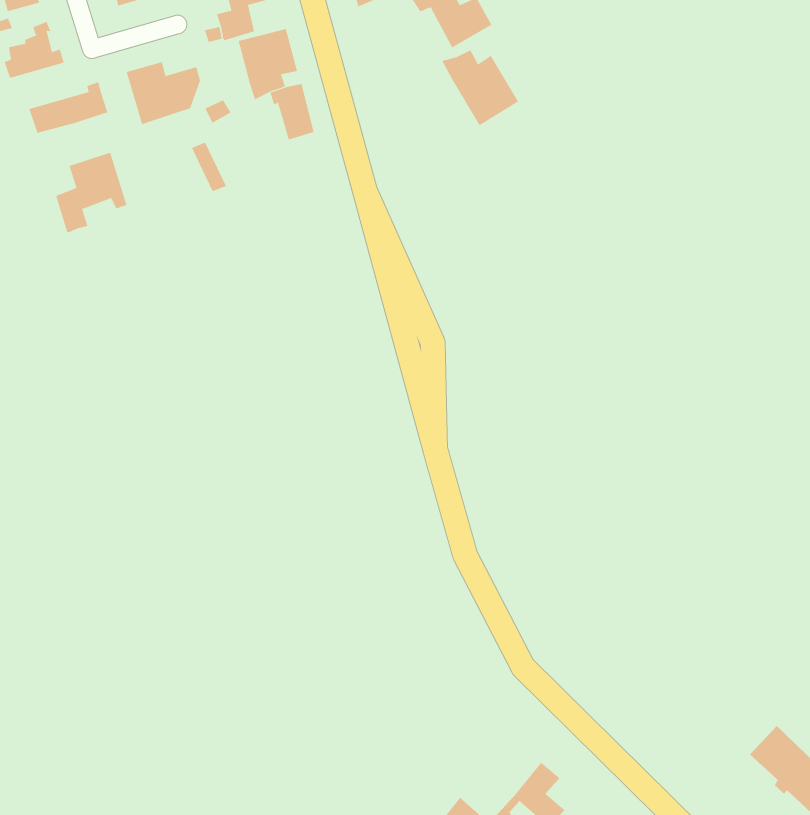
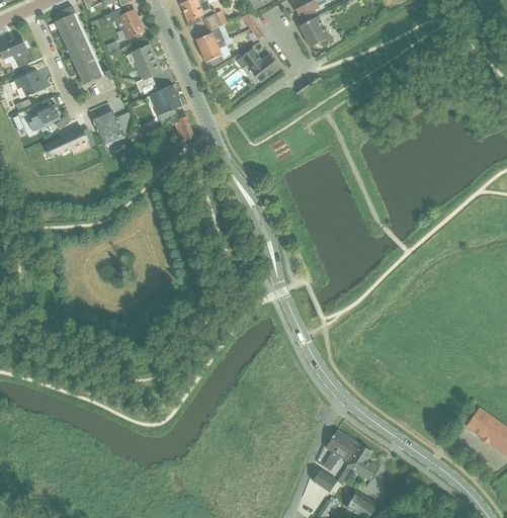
building: [441,49,519,126] -> none
building: [56,152,127,233] -> none
building: none -> [323,430,357,468]

